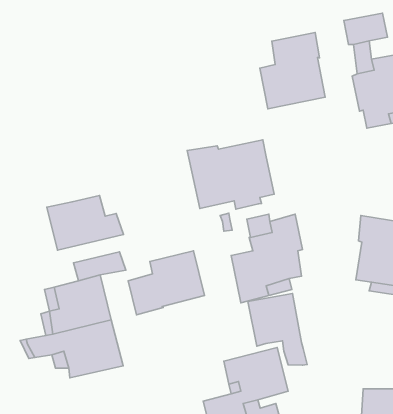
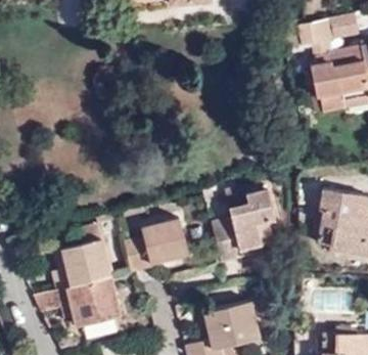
building: [260,33,325,109] -> none
building: [187,140,274,209] -> none
building: [47,195,124,250] -> none
building: [248,294,307,365] -> none

